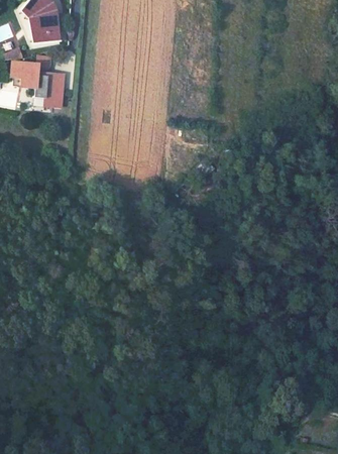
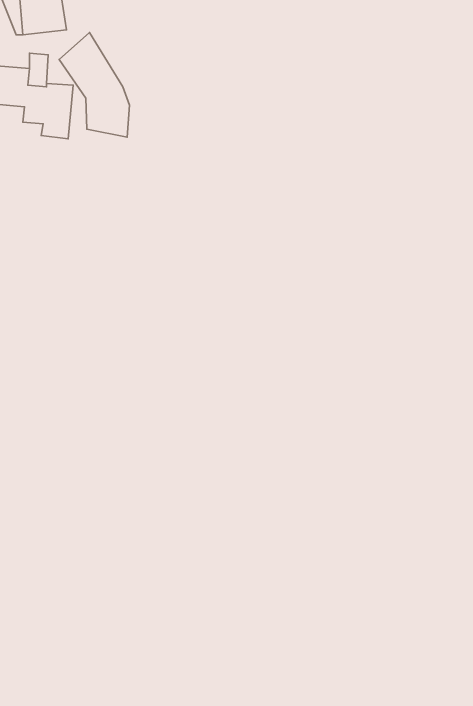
building: none -> [59,33,130,137]

